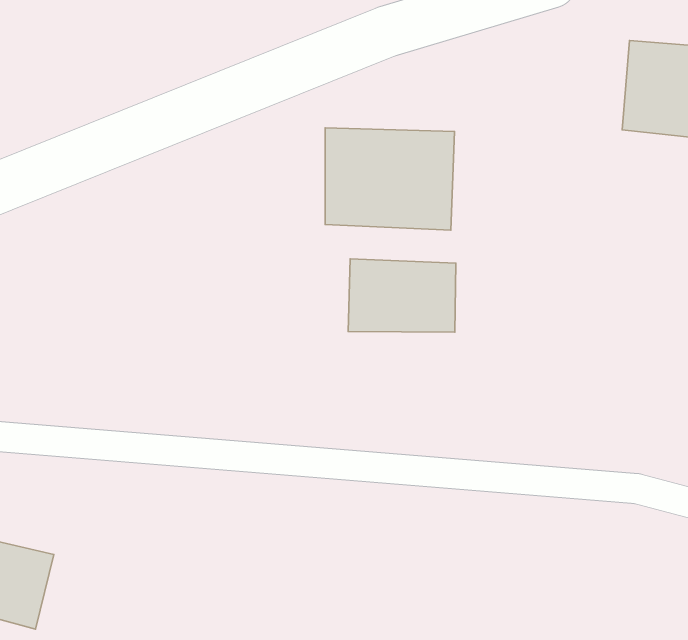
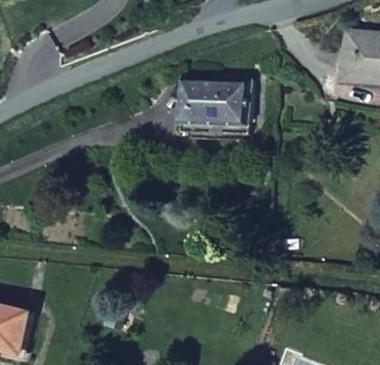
building: [348,259,456,332] -> none

